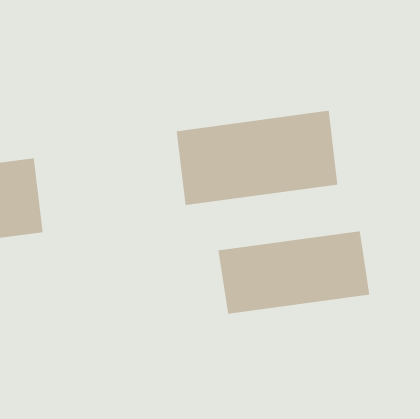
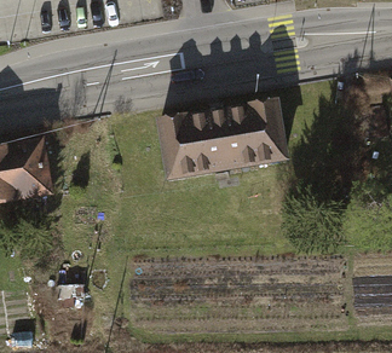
building: [218,230,370,314] -> none

